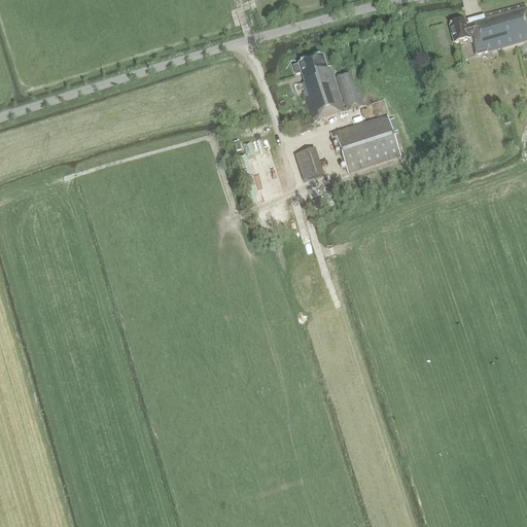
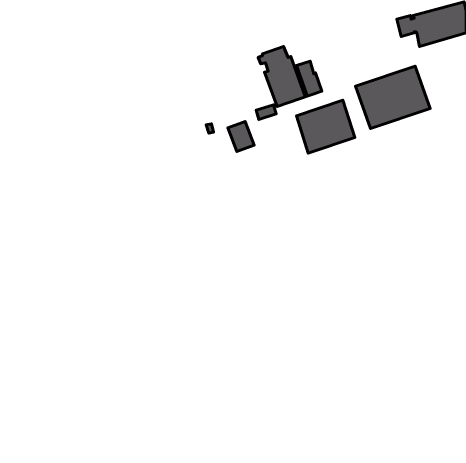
building: none -> [355,66,430,129]
building: [294,145,324,179] -> [228,122,254,152]

